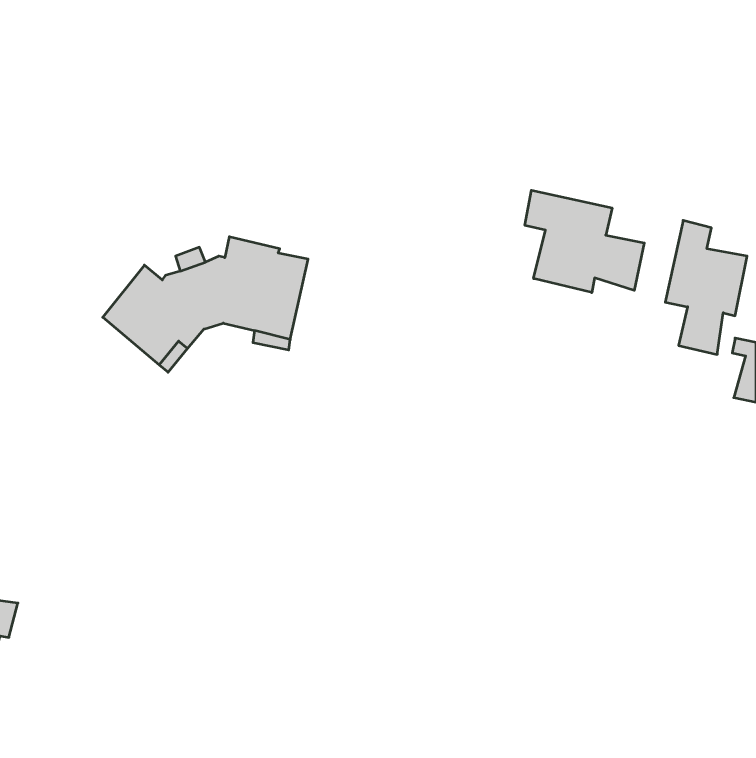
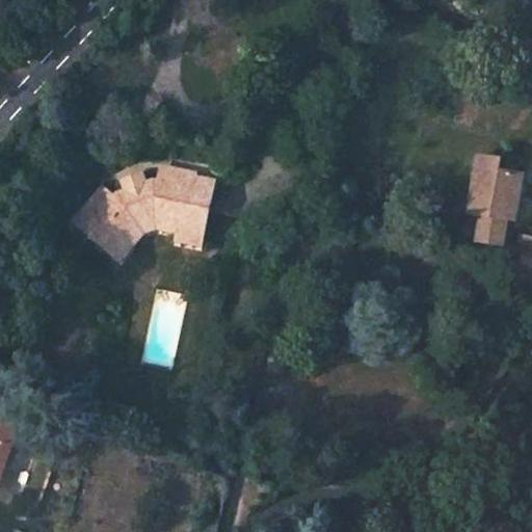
building: [525,190,644,293] -> none

